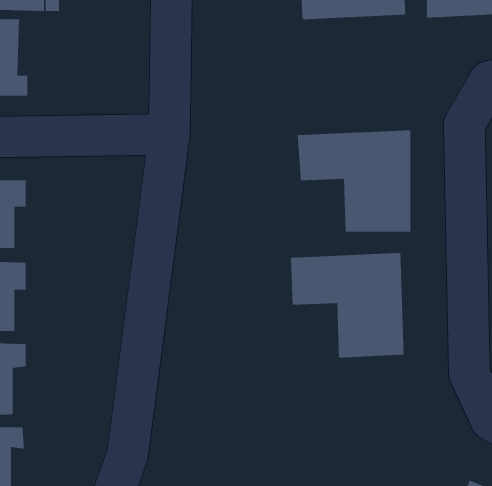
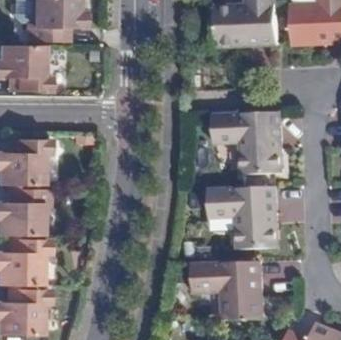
building: none -> [192,260,264,319]

